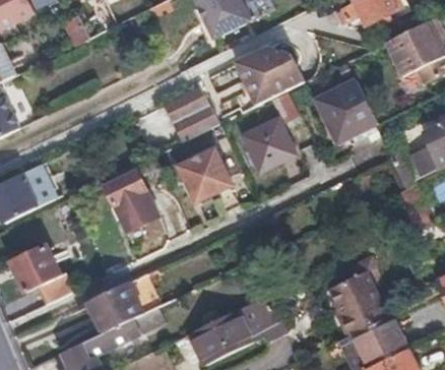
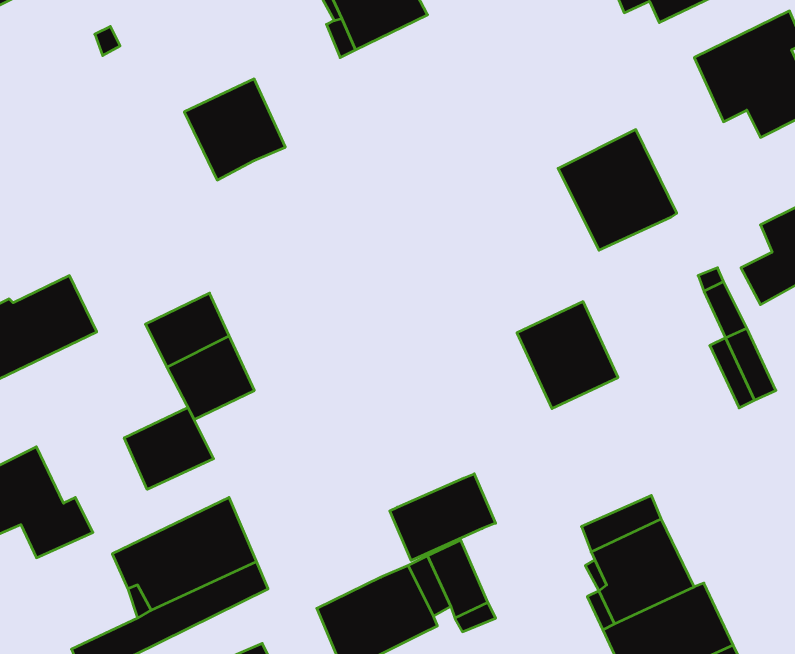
building: [239,45,306,105] -> none
building: [167,88,219,141] -> [184,79,285,180]
building: [242,116,295,172] -> [517,302,618,409]
building: [179,147,232,202] -> none
building: none -> [124,407,214,489]
building: none -> [390,474,496,560]

